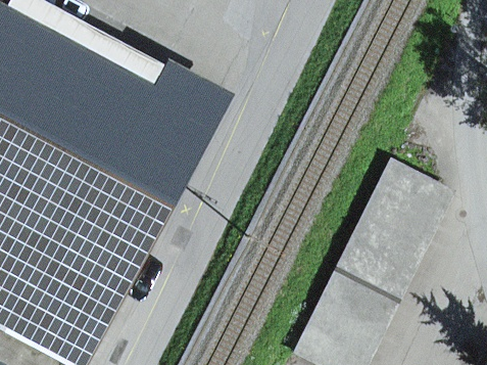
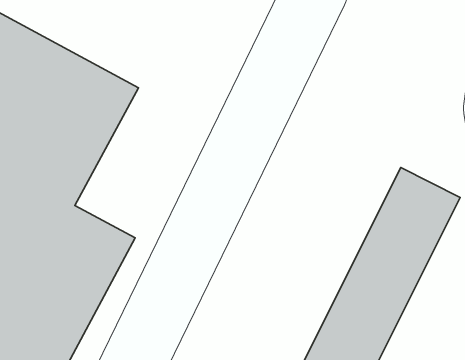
building: [93,89,206,226] -> none

